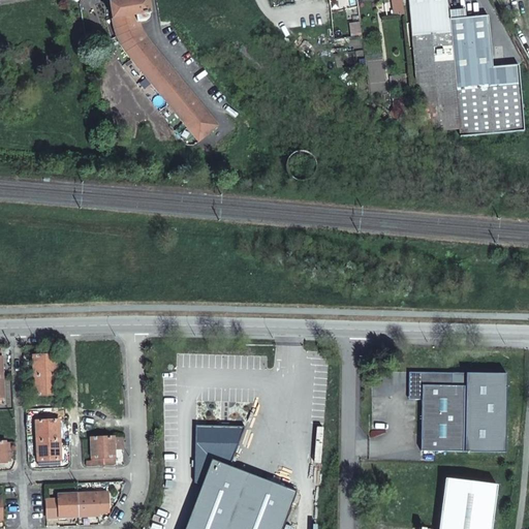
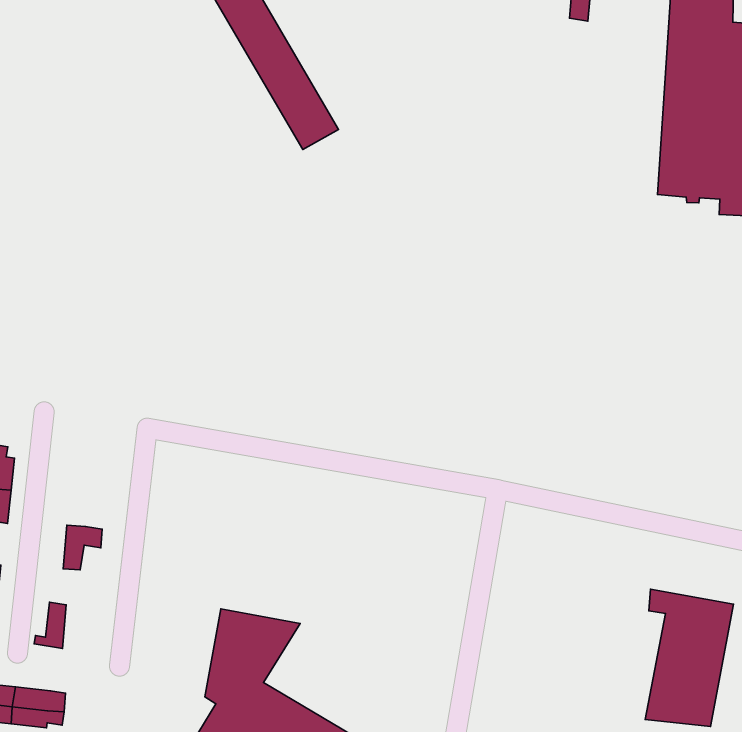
building: [411,371,466,452] -> none
building: [102,437,125,465] -> [63,525,102,570]

